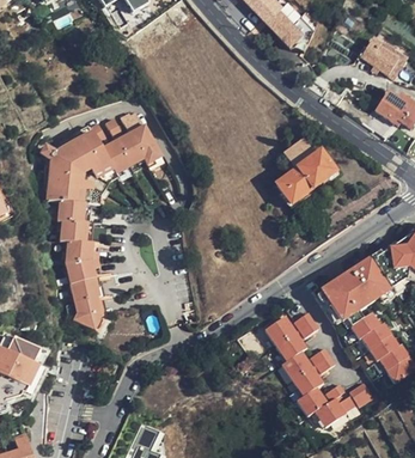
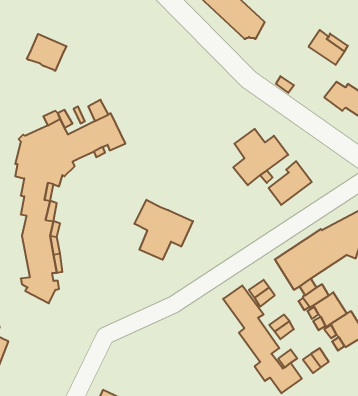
building: none -> [27,34,66,71]
building: none -> [269,161,312,205]
building: none -> [134,200,193,260]

